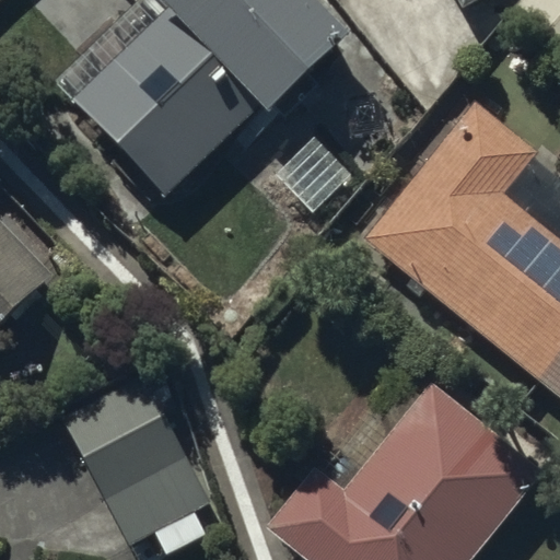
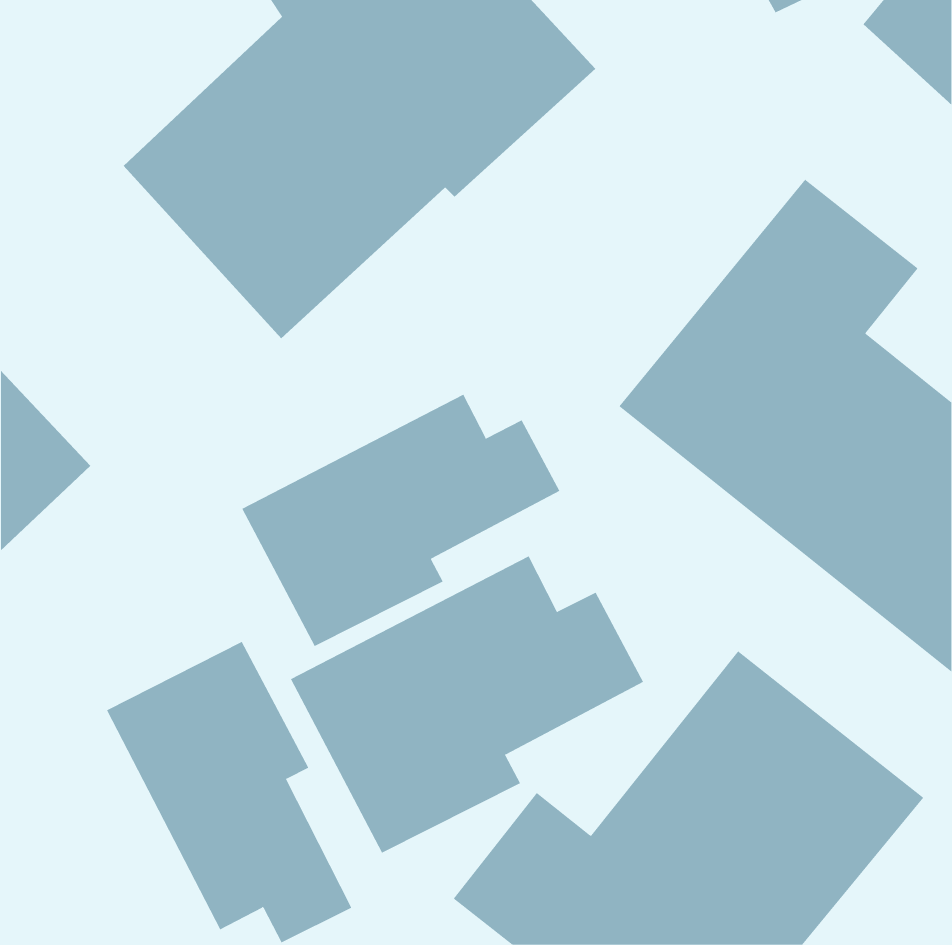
building: none -> [242,394,560,647]
building: none -> [290,556,644,853]

